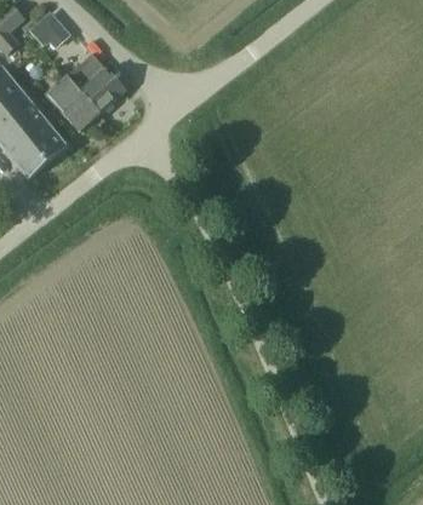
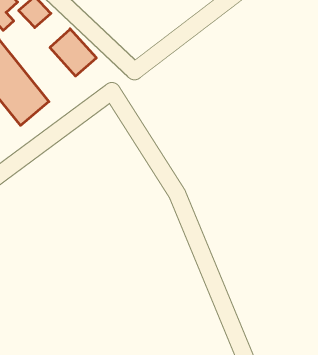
building: [46,76,98,130] -> none

